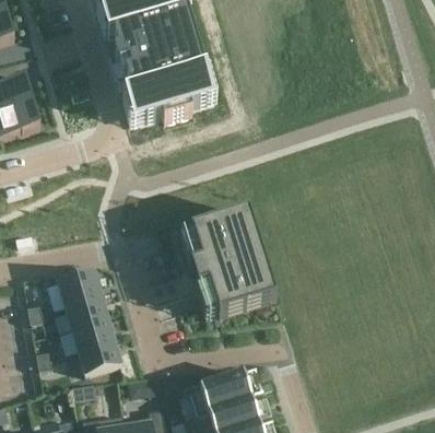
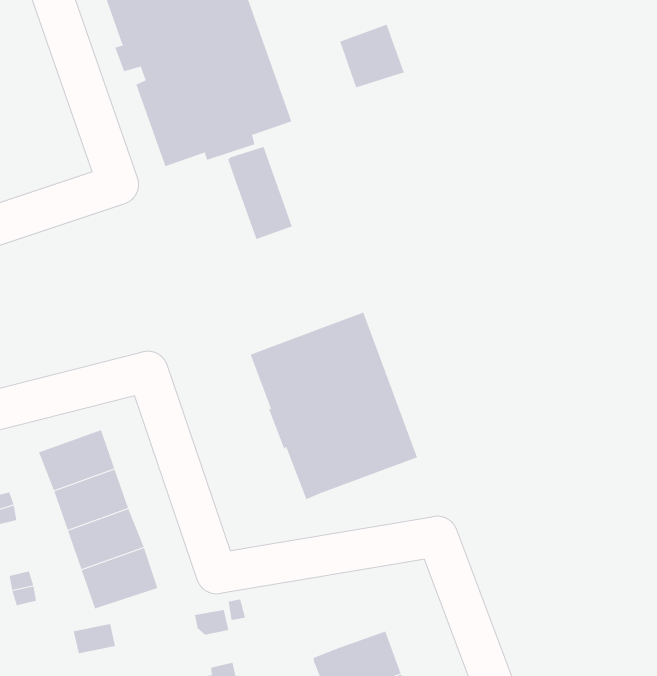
building: none -> [340,24,404,88]
building: none -> [228,146,292,240]
building: [190,373,250,416] -> none

